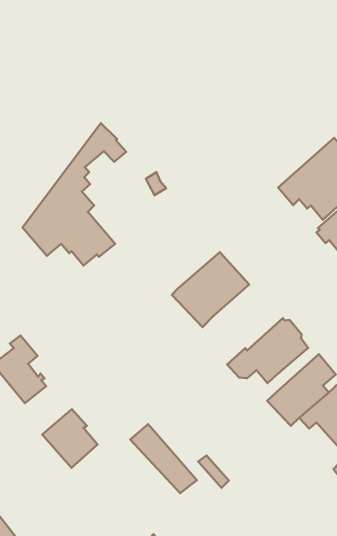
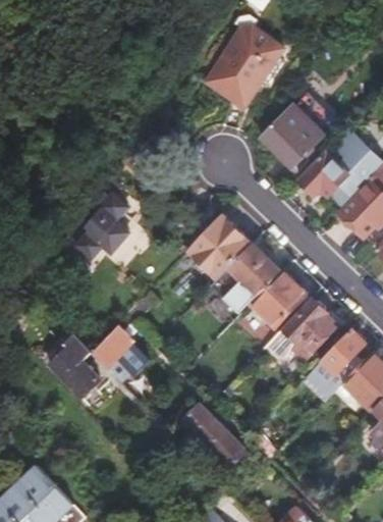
building: none -> [205,24,283,106]
building: none -> [262,92,335,166]
building: none -> [184,215,251,279]
building: none -> [250,269,309,327]
building: [42,409,98,468] -> [94,326,146,380]

